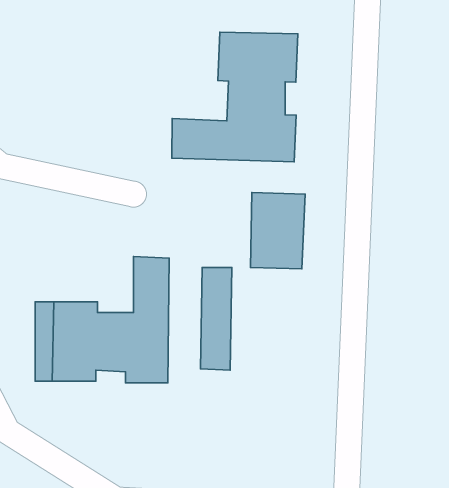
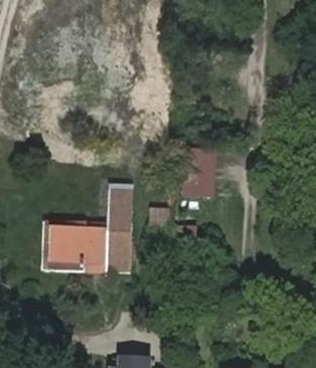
building: [172,32,298,162] -> none

